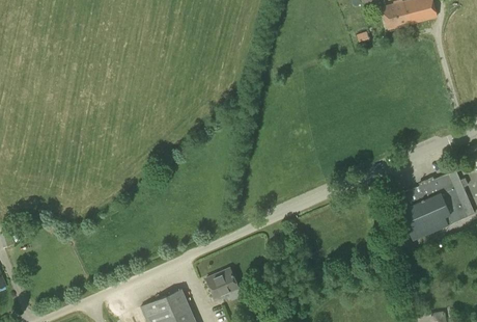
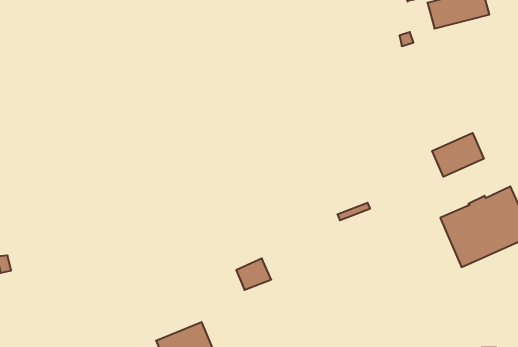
building: none -> [432,133,484,177]
building: [206,268,237,296] -> [236,258,271,290]

